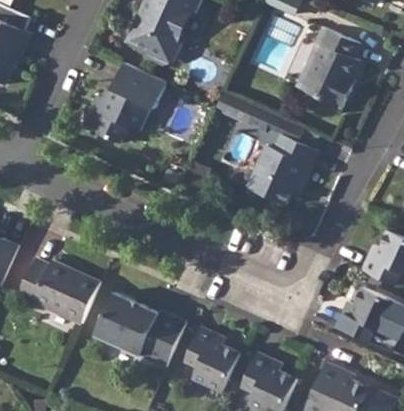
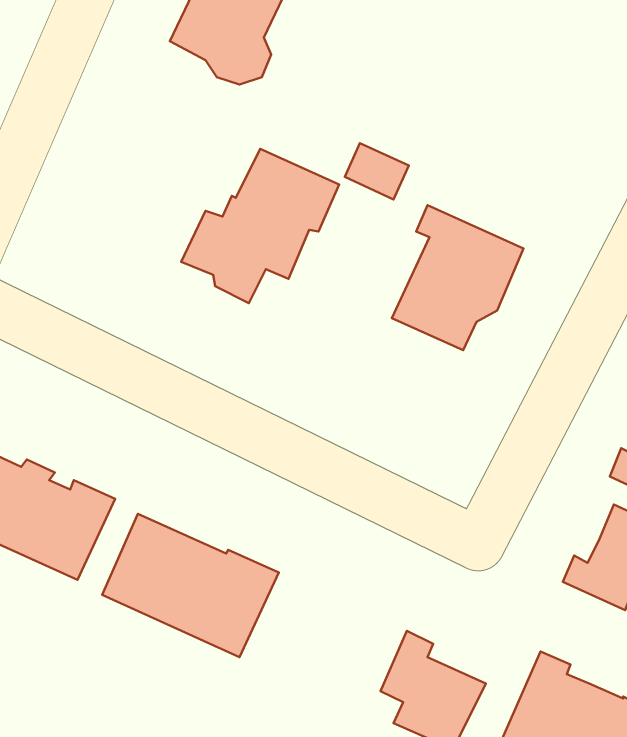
building: [302,26,361,107] -> none
building: [82,62,166,144] -> [181,149,339,303]
building: [183,326,239,391] -> none

